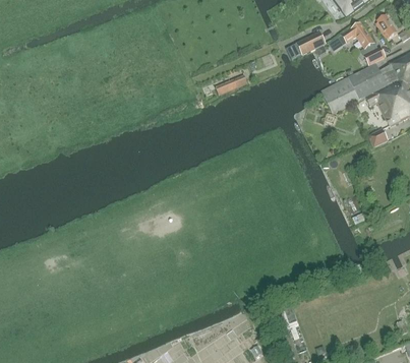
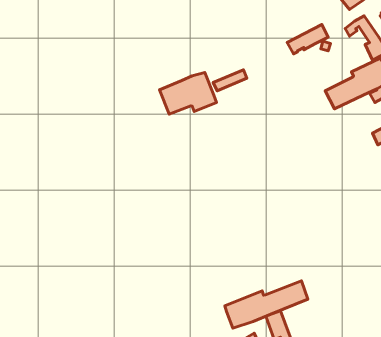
building: none -> [160,72,217,114]
building: none -> [225,281,308,328]

